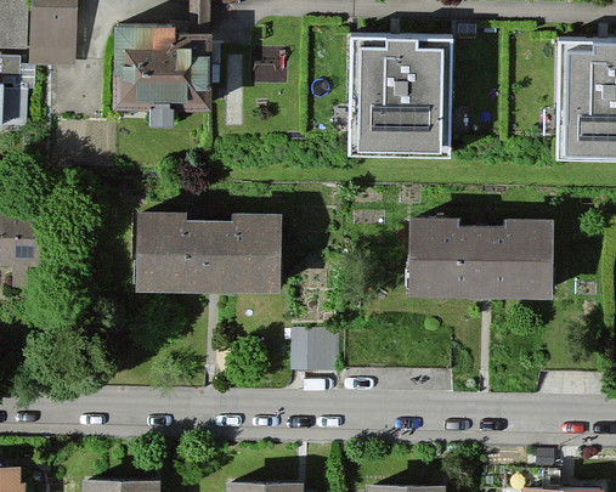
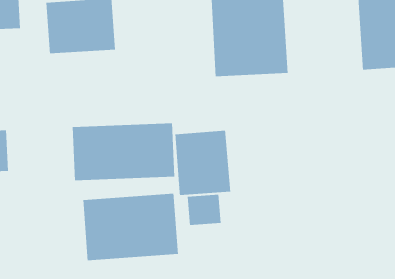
building: [407,207,555,292] -> none
building: none -> [175,130,231,196]
building: none -> [83,193,178,261]

